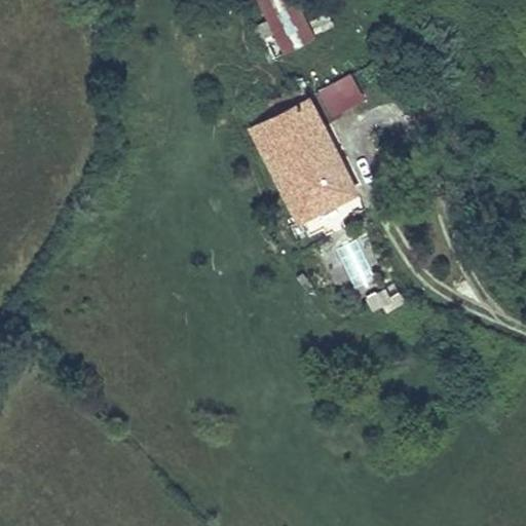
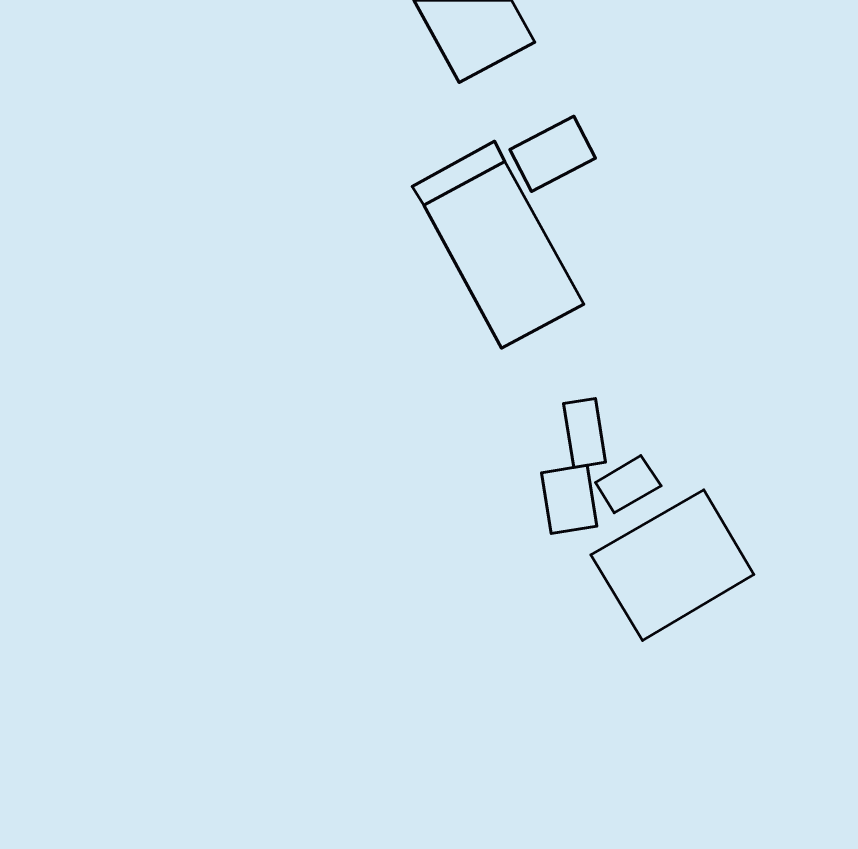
building: none -> [541,465,597,534]
building: none -> [591,490,754,640]

